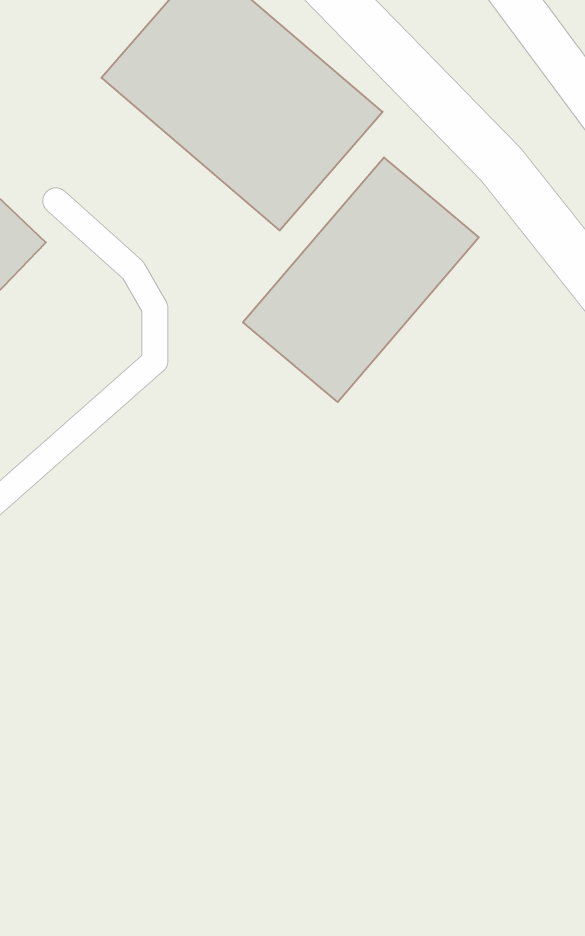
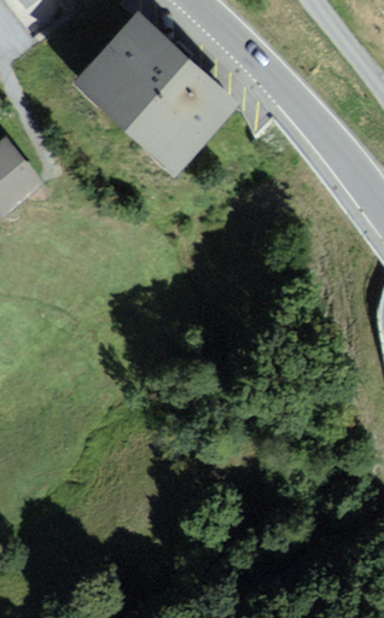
building: [243,157,479,402] -> none

